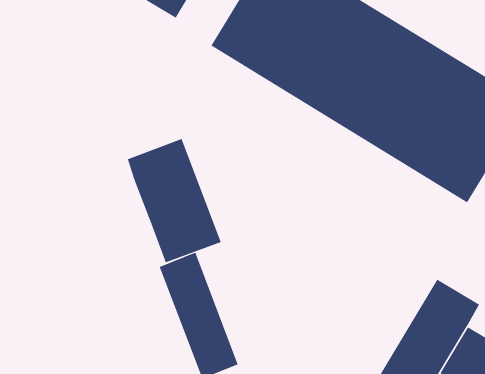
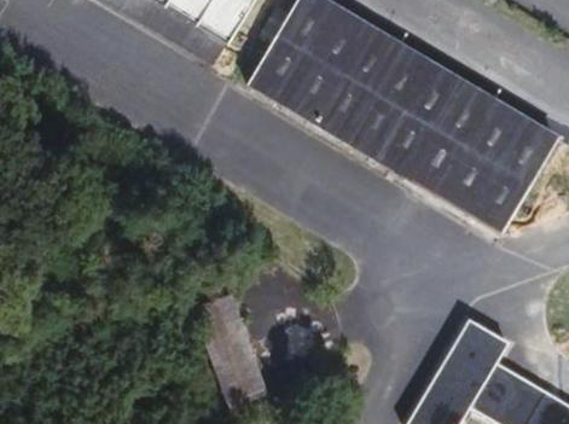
building: [127,138,221,263] -> none

